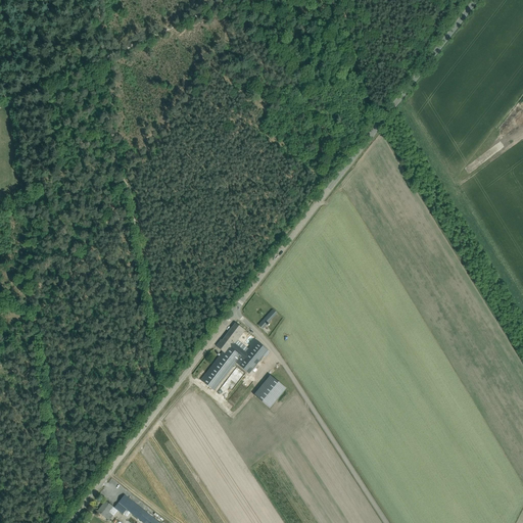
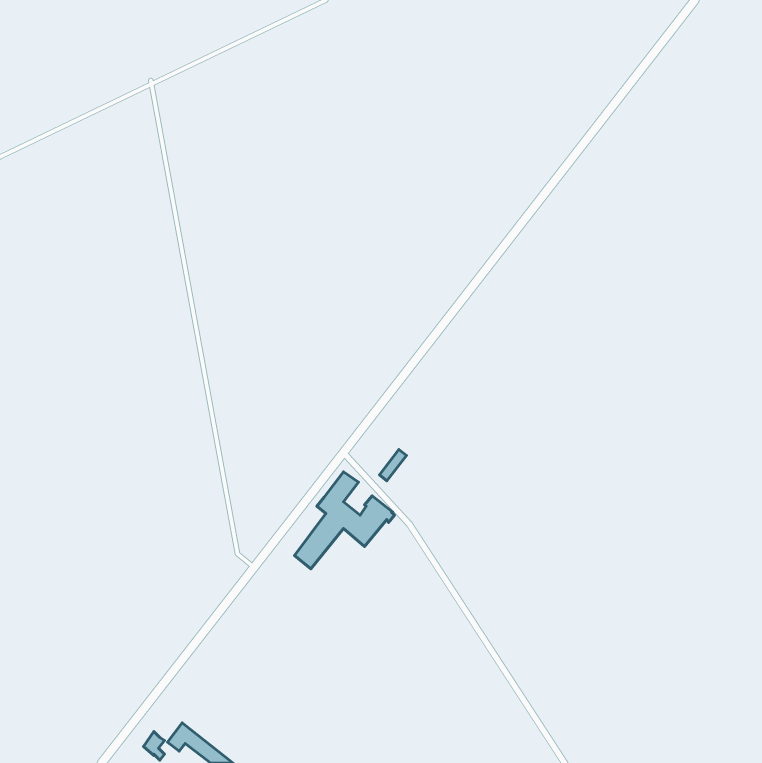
building: [255,376,287,409] -> none

